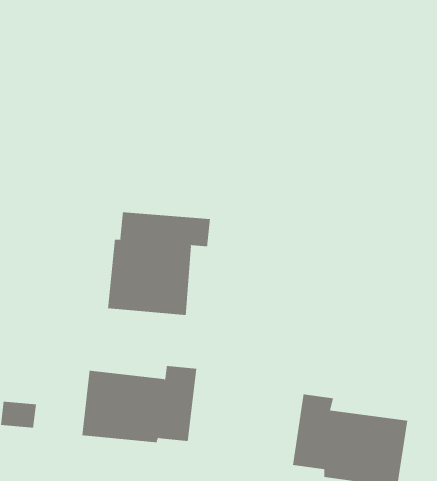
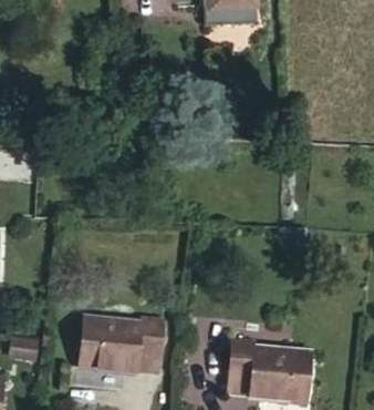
building: [108,212,210,316] -> none

